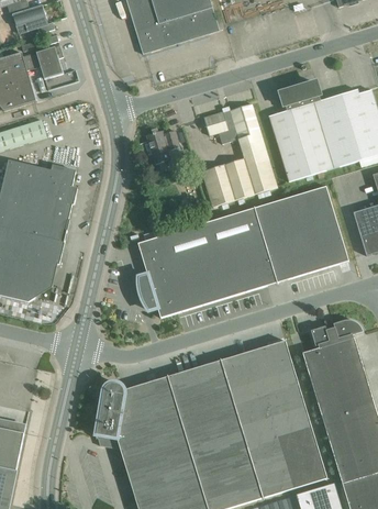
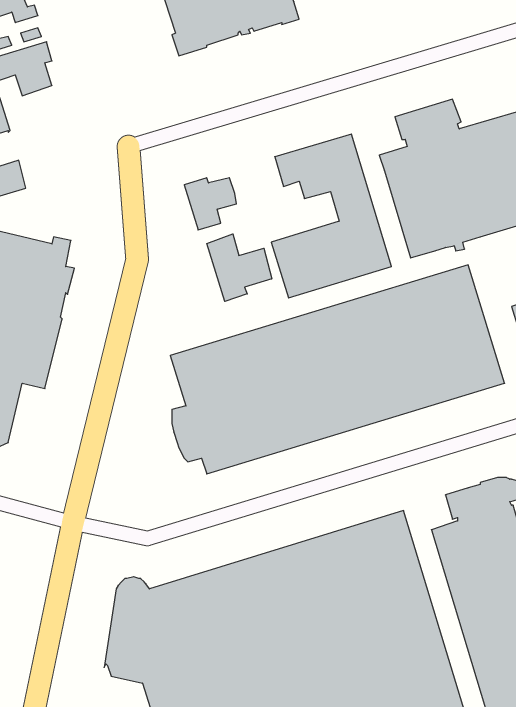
building: none -> [207,234,272,301]

